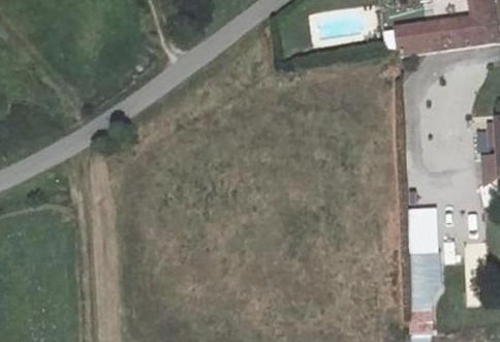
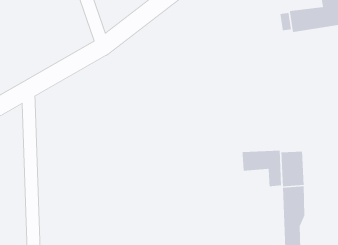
building: none -> [242,150,282,187]

